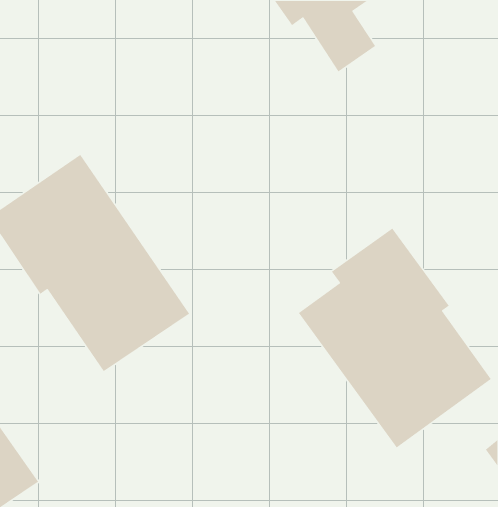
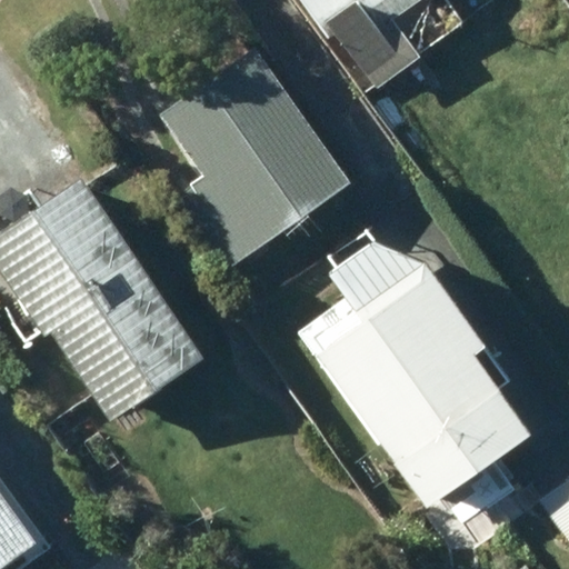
building: none -> [159,50,351,278]

